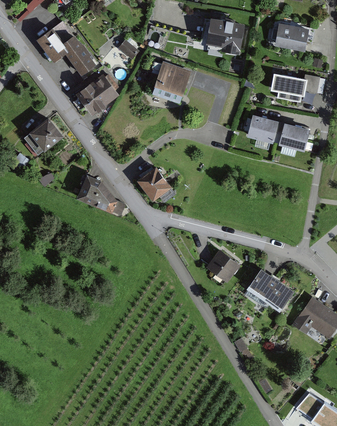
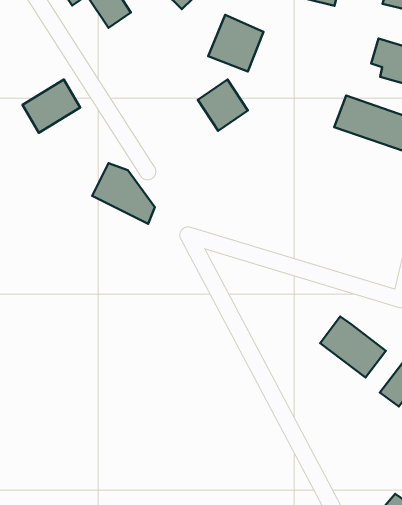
building: [76,75,118,116] -> none
building: [137,165,173,202] -> [198,79,248,131]
building: [207,251,239,282] -> none

